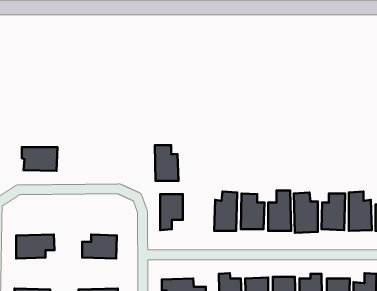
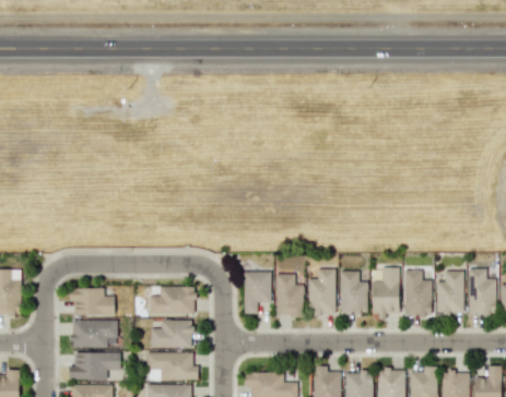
building: [155,145,179,181] -> [275,274,304,316]
building: [22,147,57,171] -> [72,288,115,316]
building: none -> [150,286,197,315]
building: none -> [69,352,121,380]
building: none -> [146,352,198,381]

